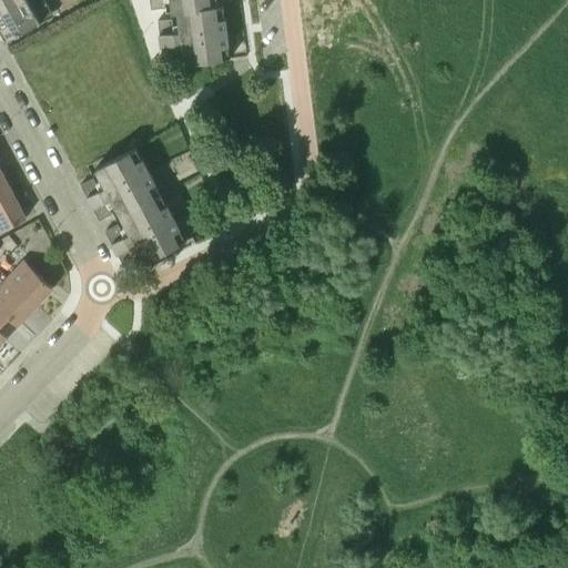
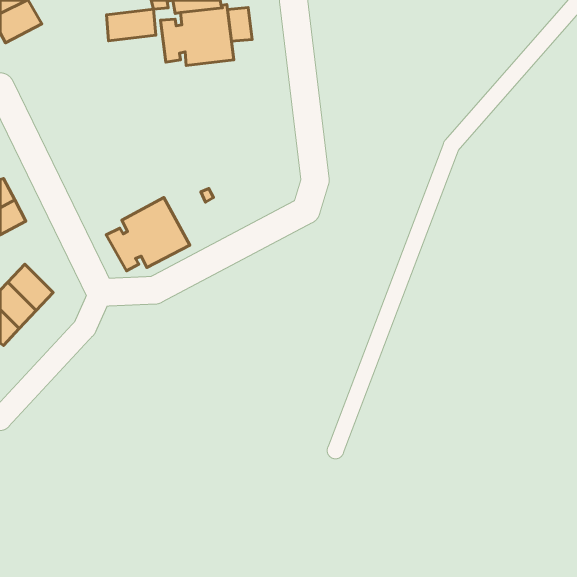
building: none -> [228,8,252,41]
building: none -> [106,9,156,41]
building: [80,148,161,221] -> none

